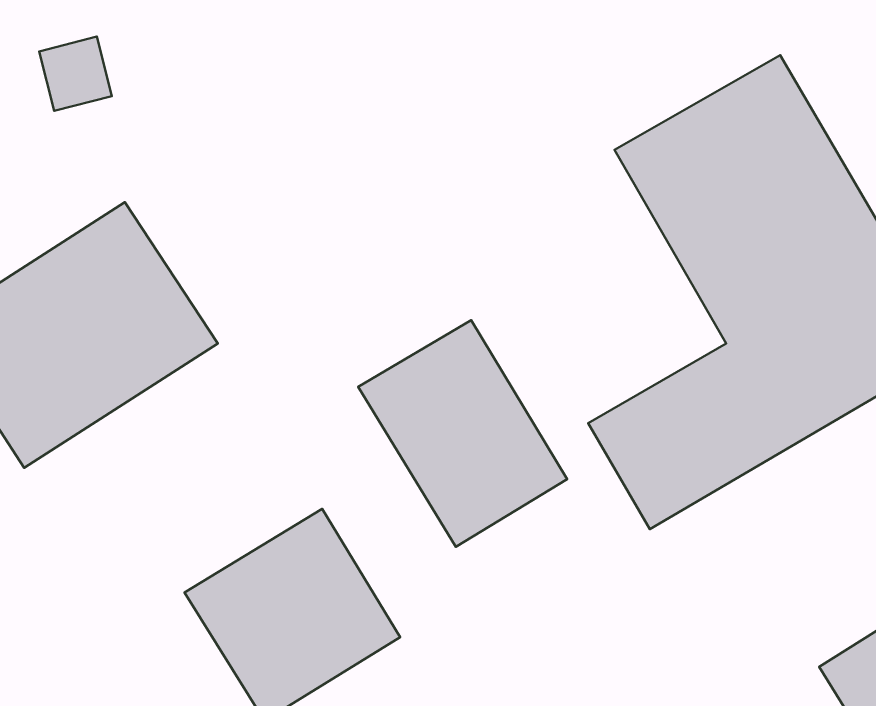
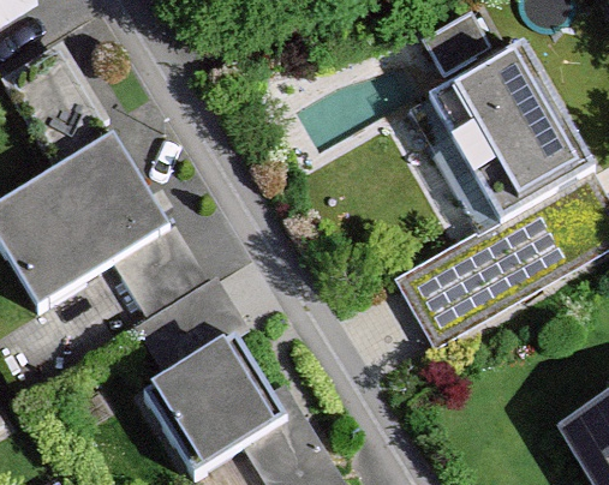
building: [358,320,567,547] -> none

